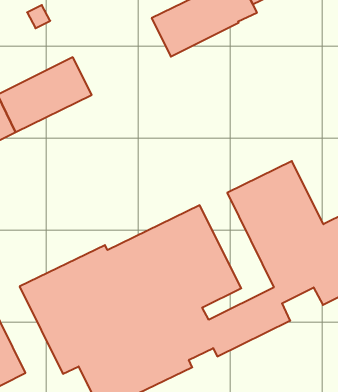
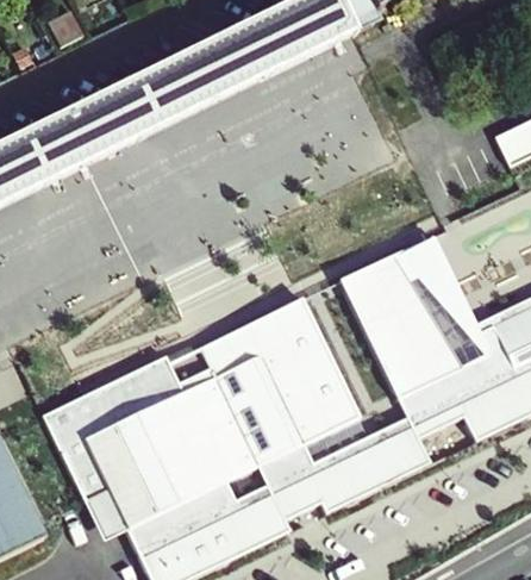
building: none -> [117,27,257,137]

